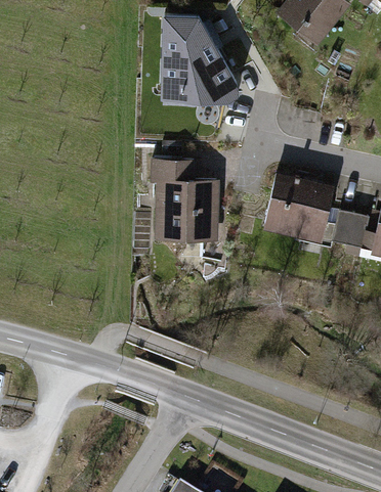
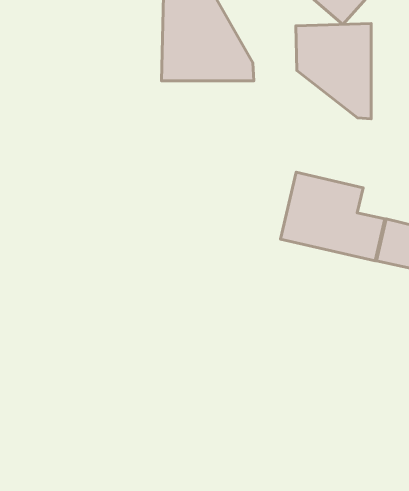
building: none -> [296,23,371,119]
building: [154,161,220,240] -> none

